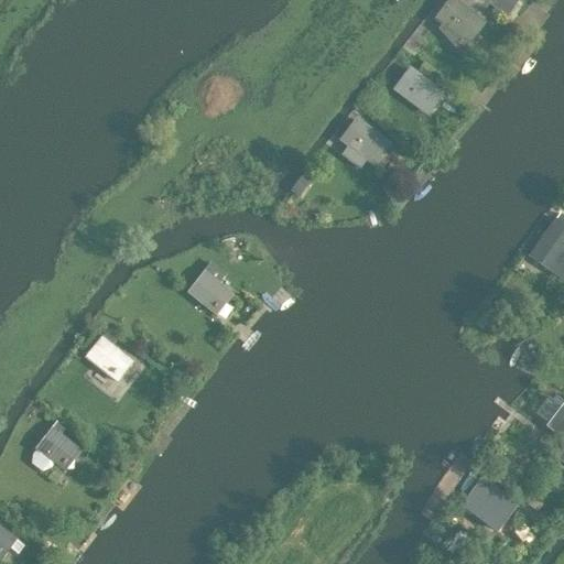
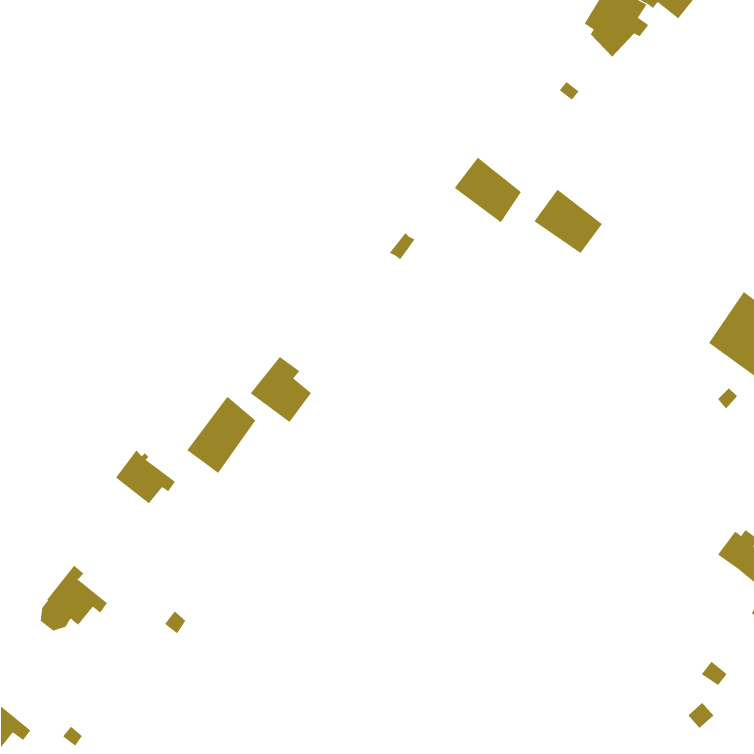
building: [393,66,445,115] -> [533,189,603,254]
building: none -> [187,396,256,474]
building: [471,485,520,519] -> none

